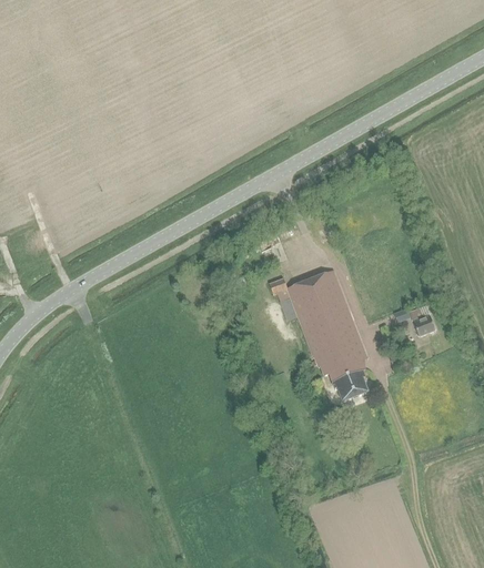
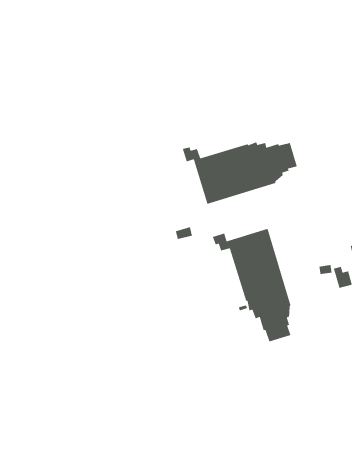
building: none -> [182,141,298,205]

